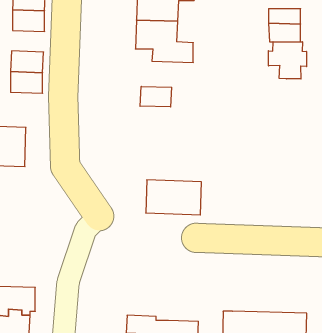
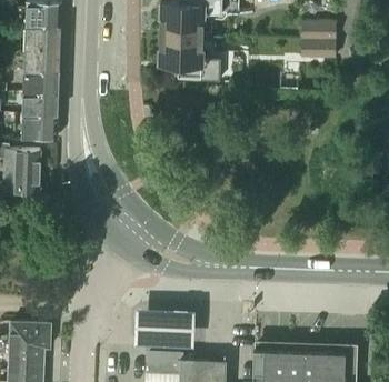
building: none -> [24,48,60,71]
building: [268,42,307,79] -> none
building: [140,86,172,107] -> none
building: none -> [22,114,58,139]
building: [146,180,201,215] -> [134,309,194,346]

